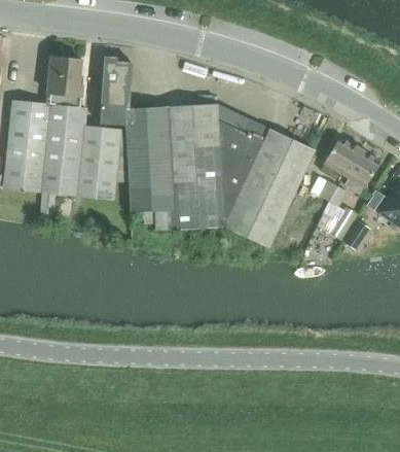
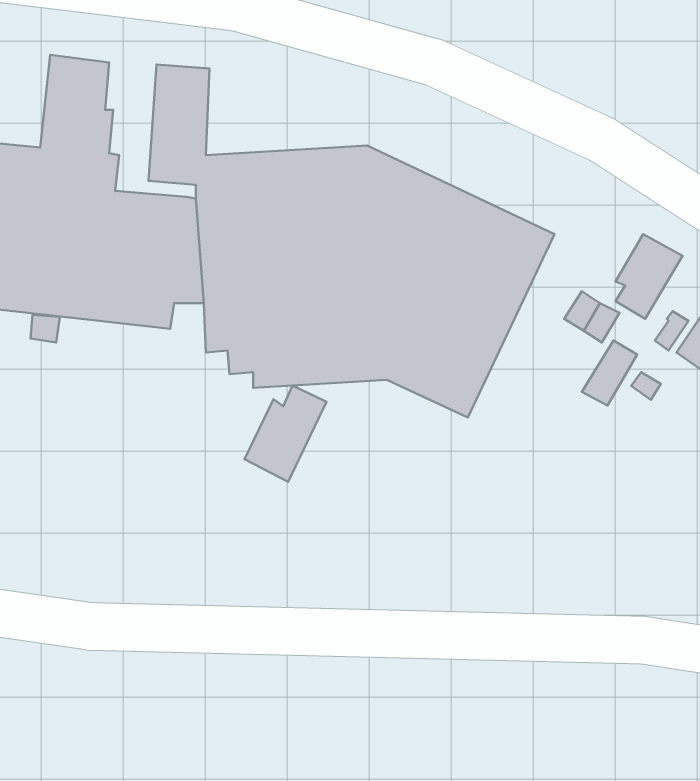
building: [321,138,360,179] -> none
building: none -> [244,386,327,482]

